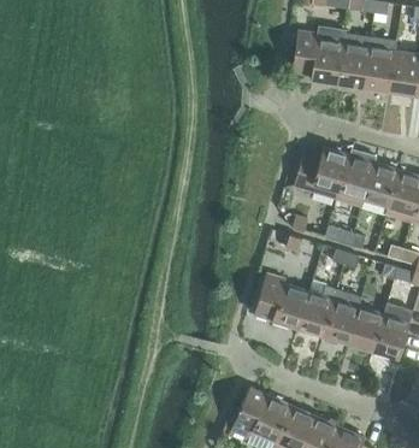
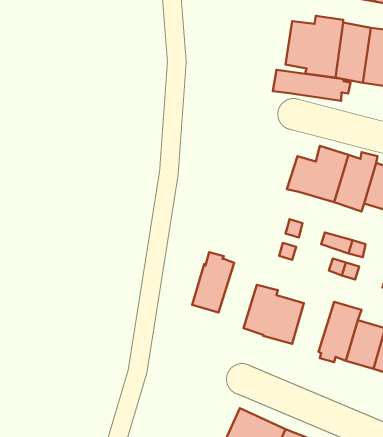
building: none -> [273,70,351,101]
building: [297,279,336,335] -> [192,252,234,313]

